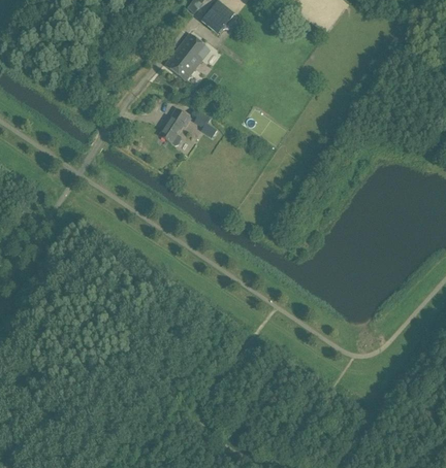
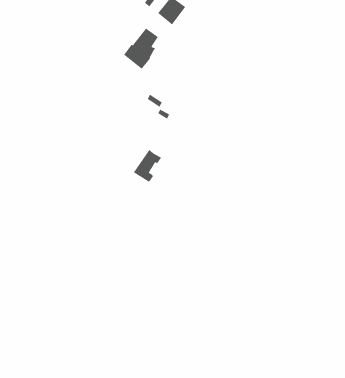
building: [160,109,192,145] -> [133,149,162,182]

